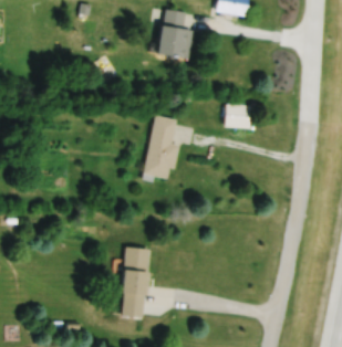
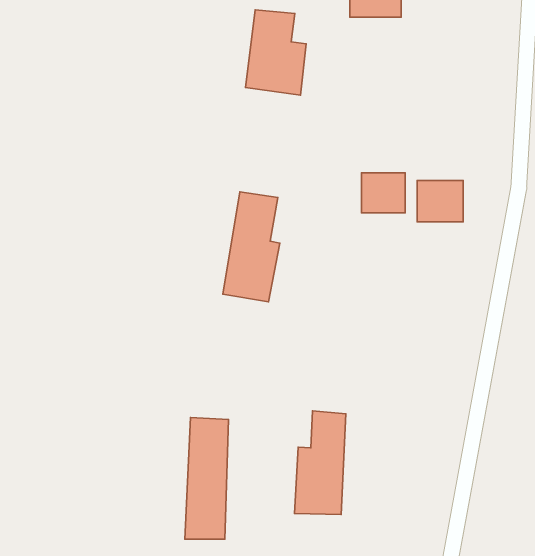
building: none -> [417,180,463,222]
building: none -> [295,411,346,515]

